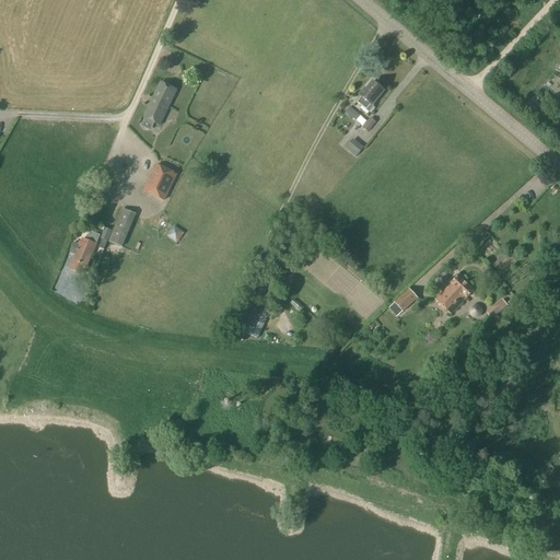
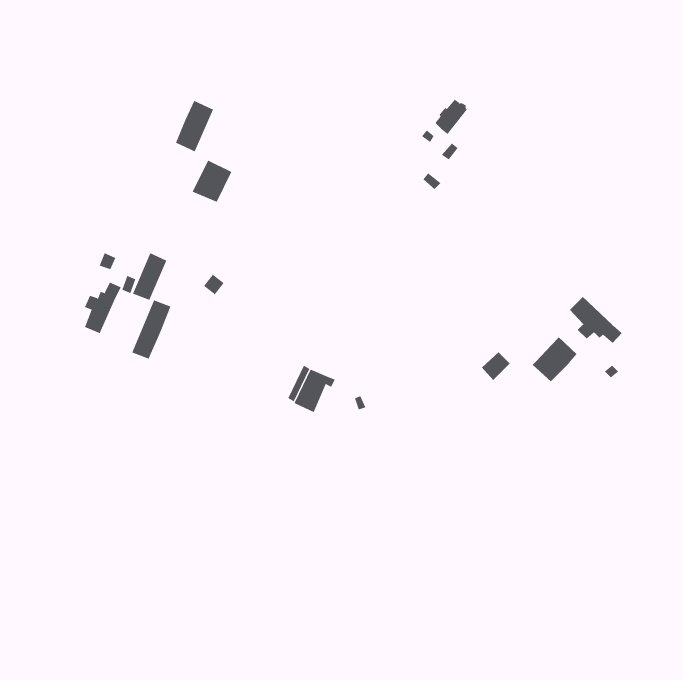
building: [143,164,176,199] -> [192,160,232,203]
building: none -> [569,296,623,344]
building: none -> [131,299,171,359]

